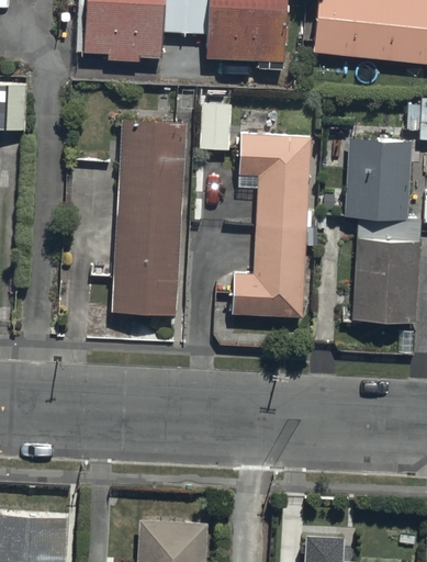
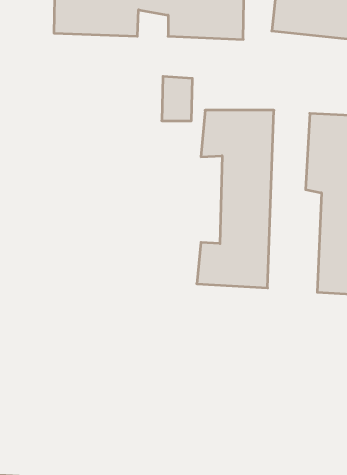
building: [117,122,189,321] -> none

